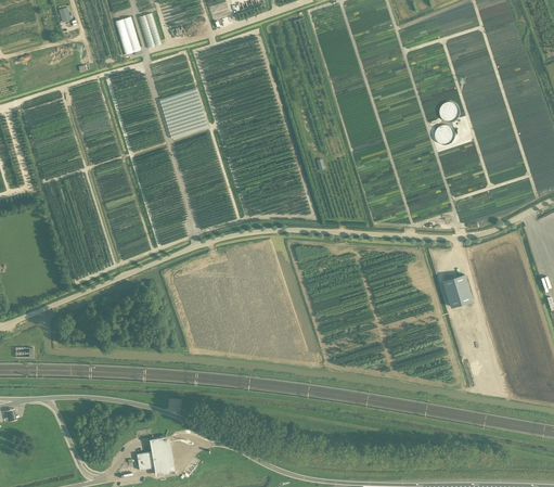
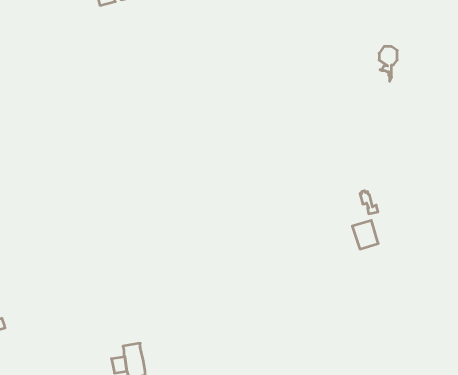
building: [442,272,472,305] -> [352,220,378,249]

